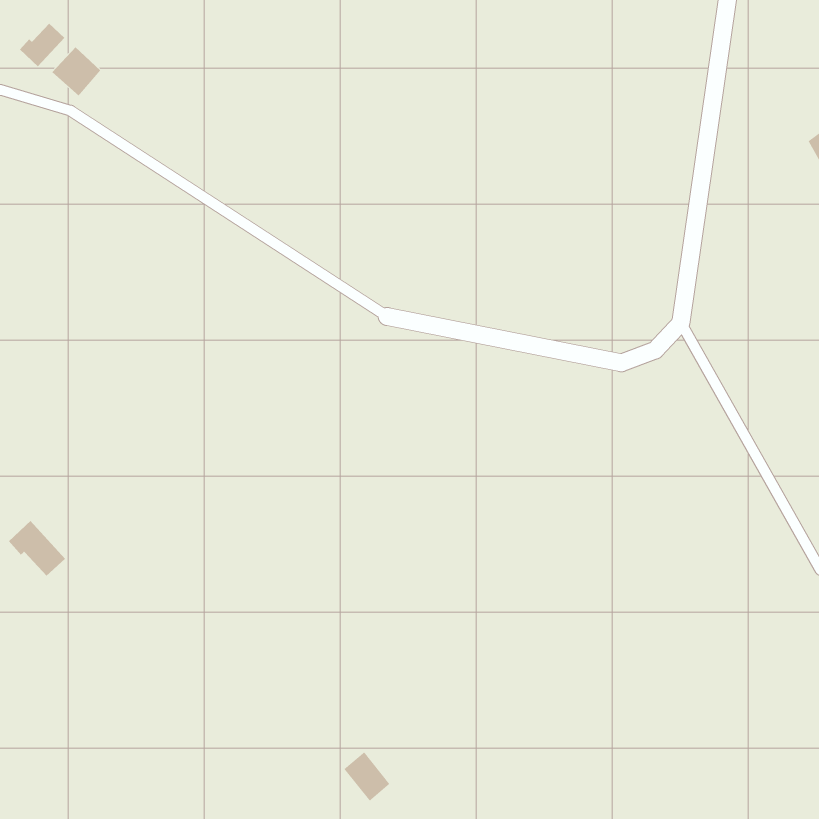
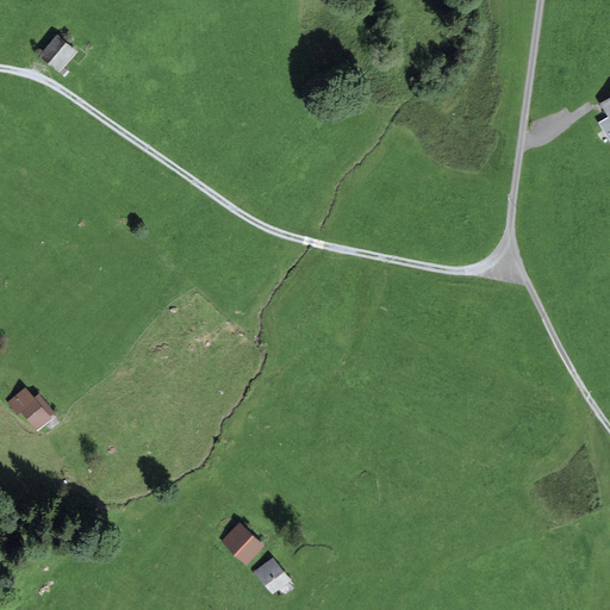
building: [19,23,65,67] -> none
building: none -> [223,523,263,564]

